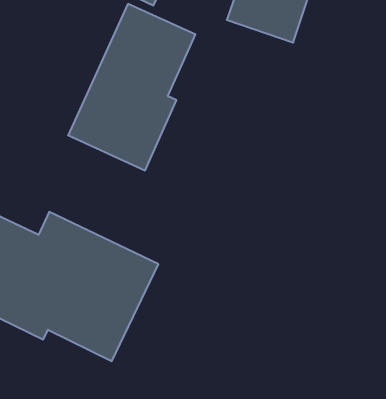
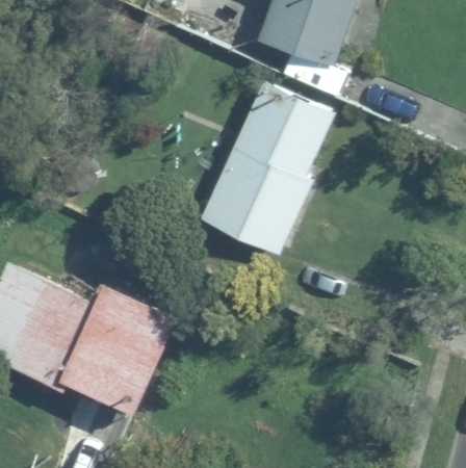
building: [68,4,195,170] -> [195,77,334,259]

